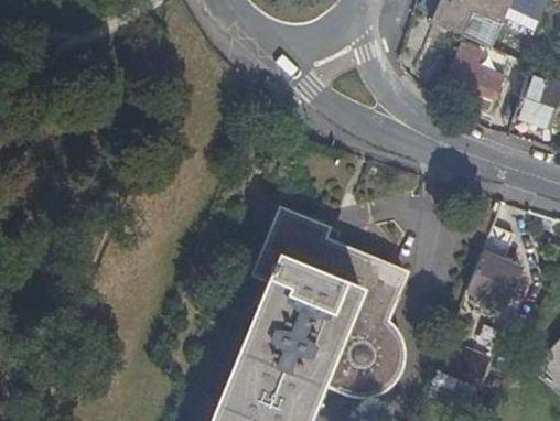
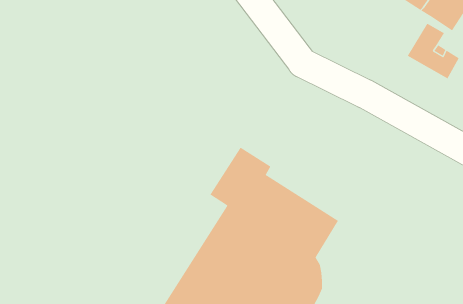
building: [470,227,523,307] -> none

